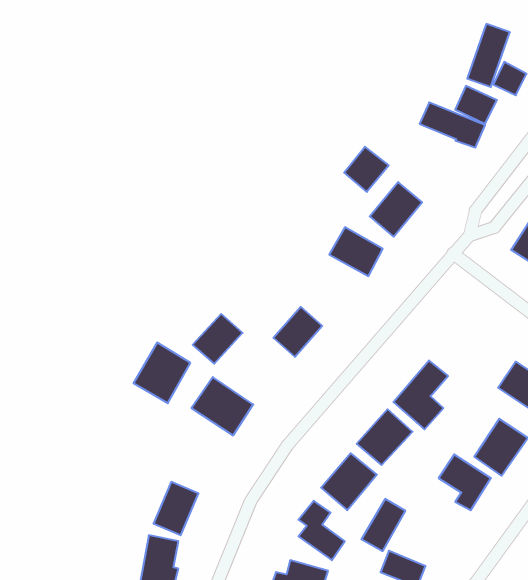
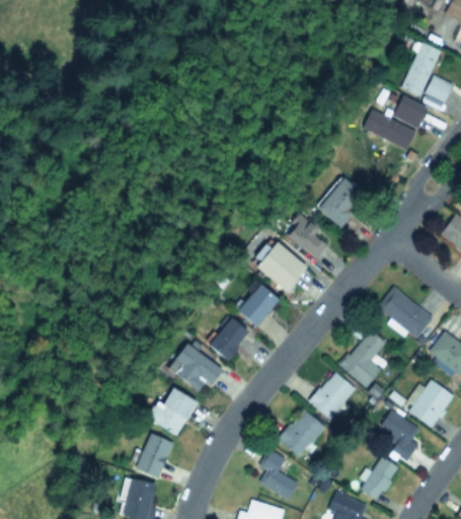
building: [344,147,389,192] -> none
building: none -> [256,241,307,292]
building: none -> [376,286,433,339]
building: [193,314,243,364] -> [208,317,250,360]
building: [133,343,190,403] -> [148,384,197,436]
building: [361,499,405,551] -> [361,456,398,501]

